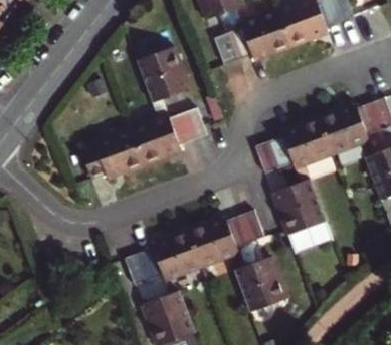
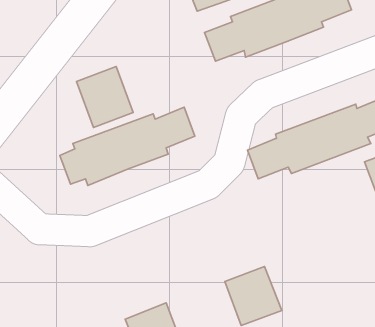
building: [137,46,190,103] -> [76,67,133,127]
building: [272,178,333,250] -> none
building: [124,210,264,286] -> none

